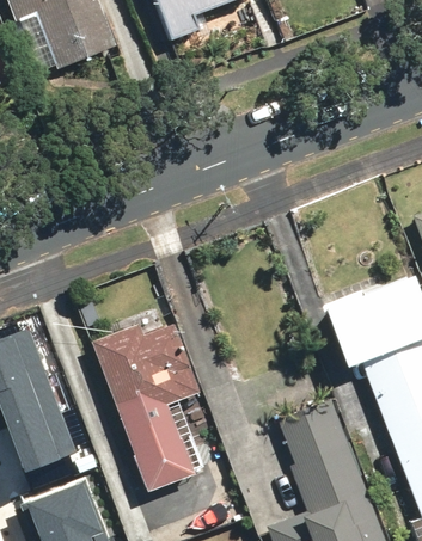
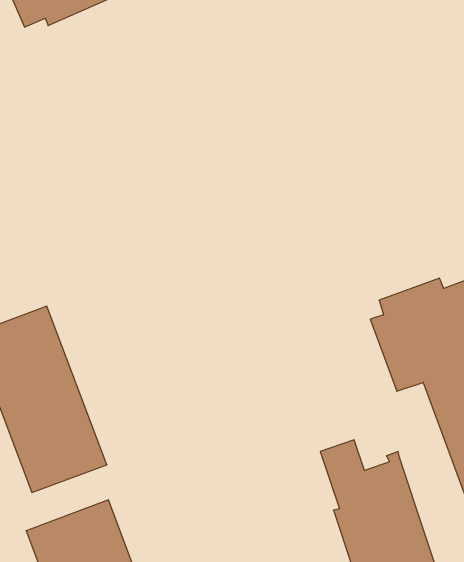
building: [92,320,202,492] -> none

